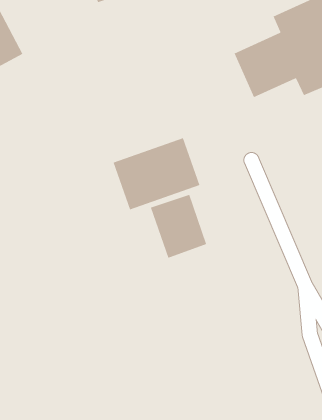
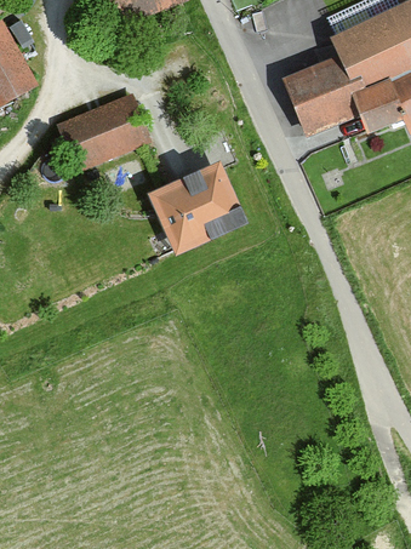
building: none -> [55,90,145,168]
building: [150,194,207,259] -> none

